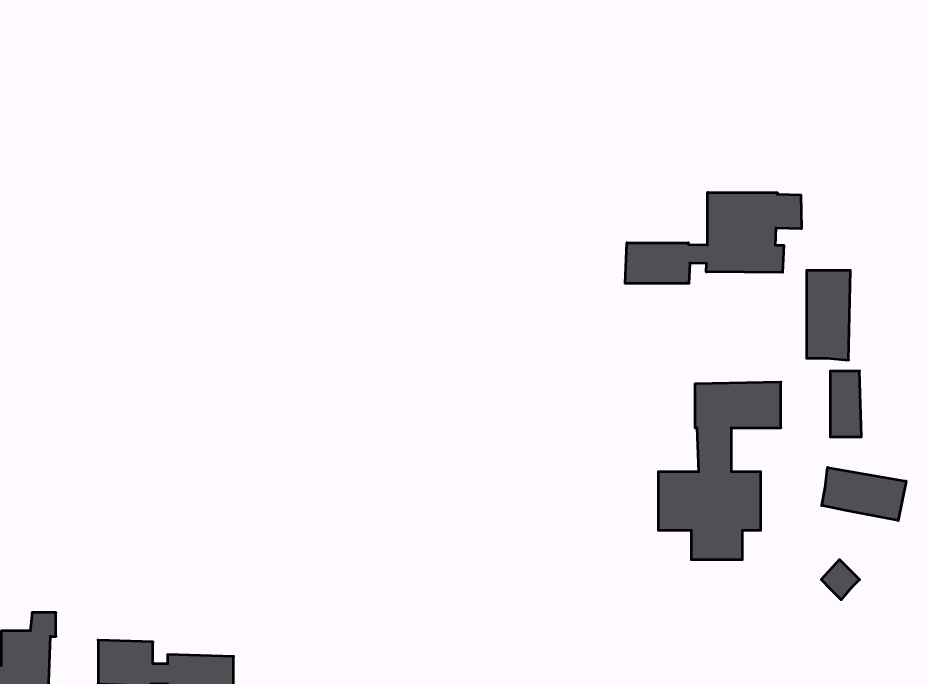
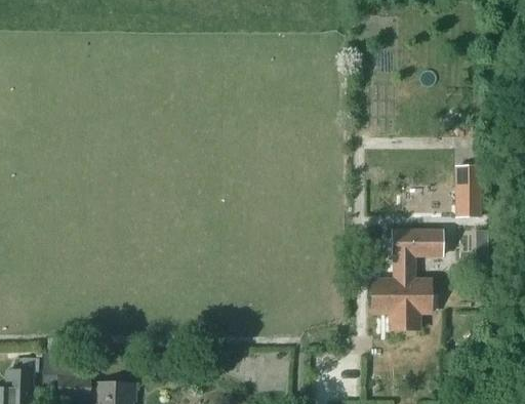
building: [625,192,801,283] -> none
building: [822,467,906,521] -> none

